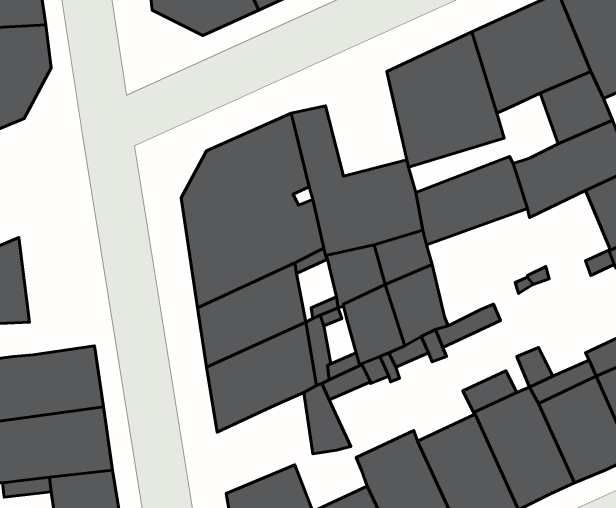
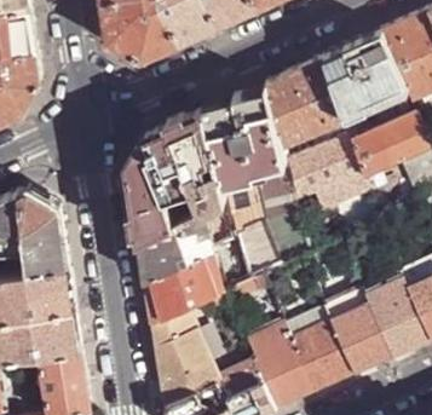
building: none -> [220,91,275,155]
building: none -> [15,192,65,275]
building: none -> [148,310,201,368]

